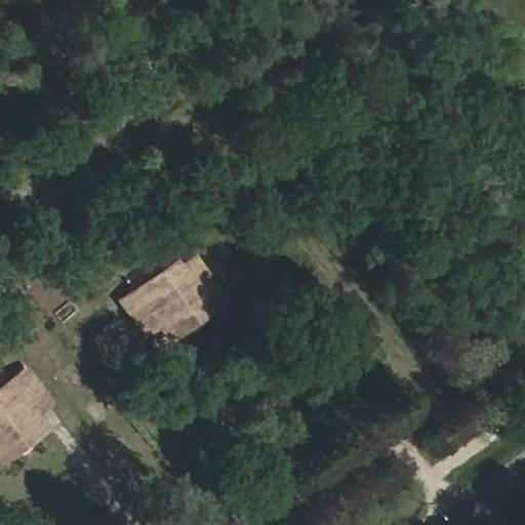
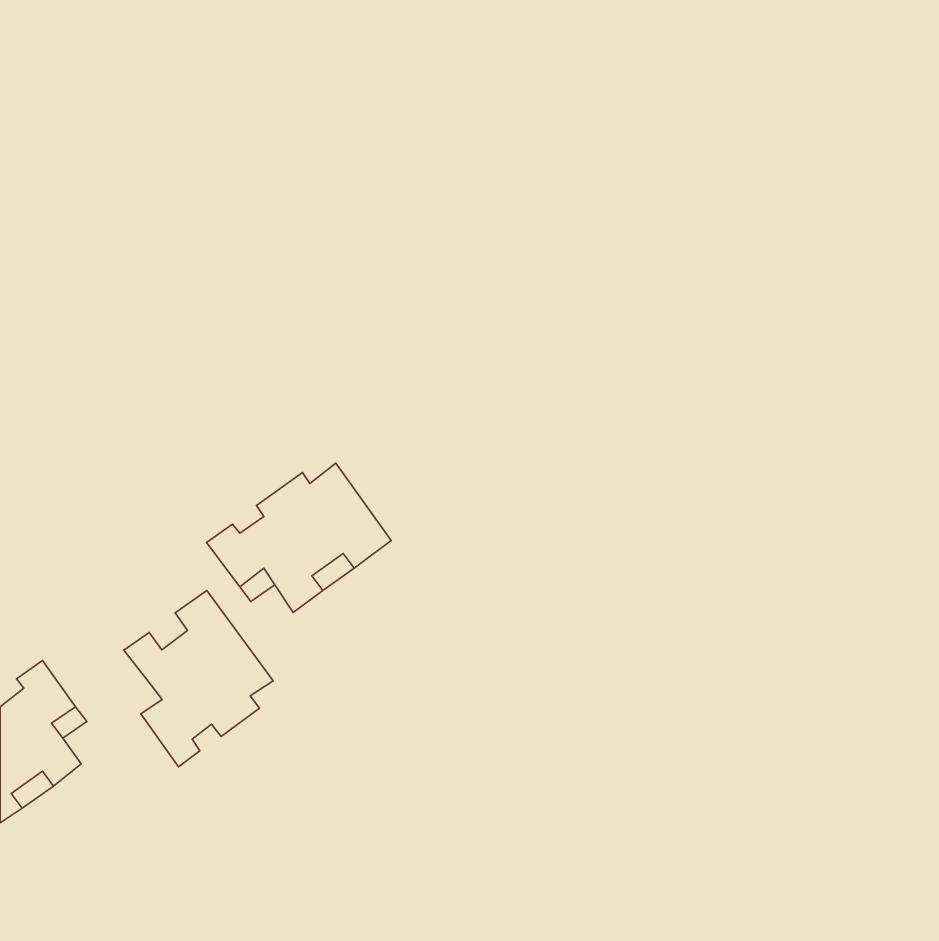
building: none -> [124,591,273,767]

